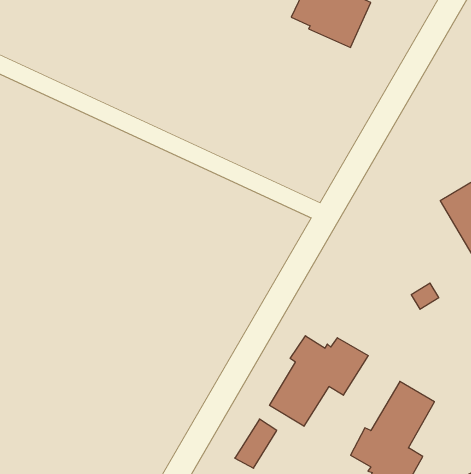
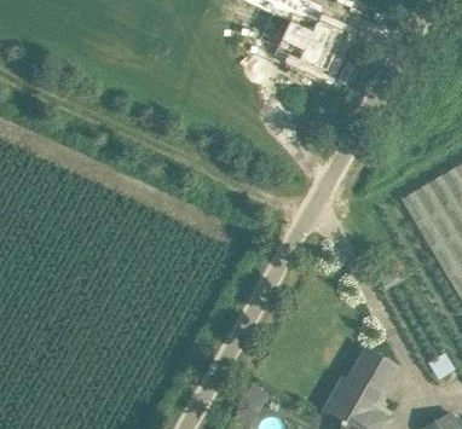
building: [270,336,368,426] -> none

